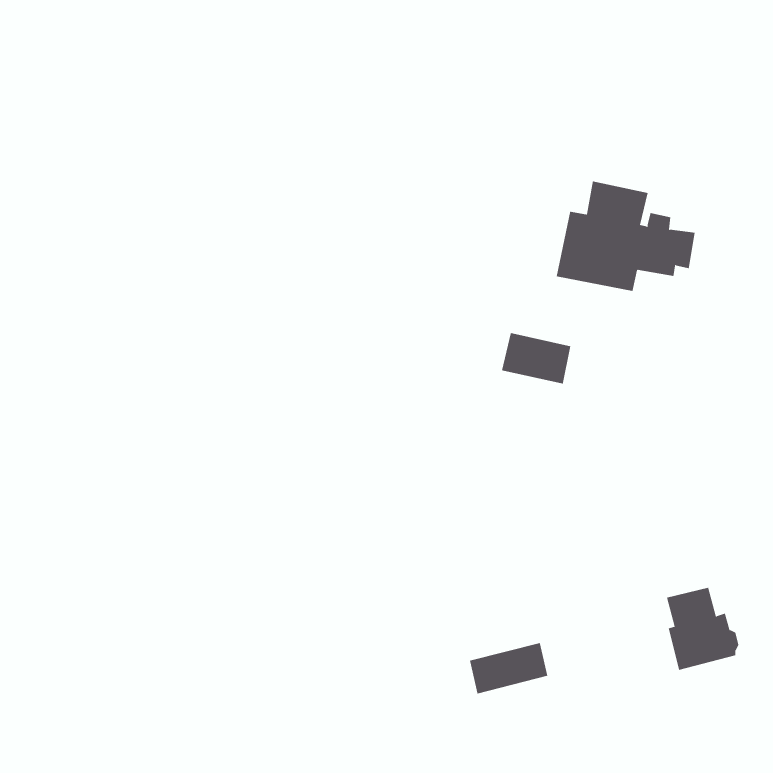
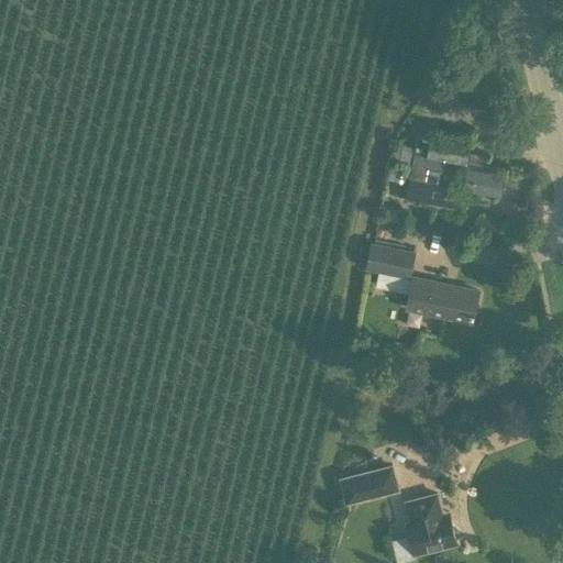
building: none -> [405,277,477,323]
building: [666,587,739,671] -> [405,495,457,555]

